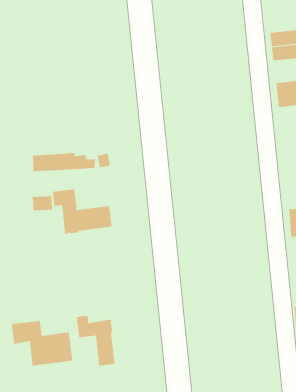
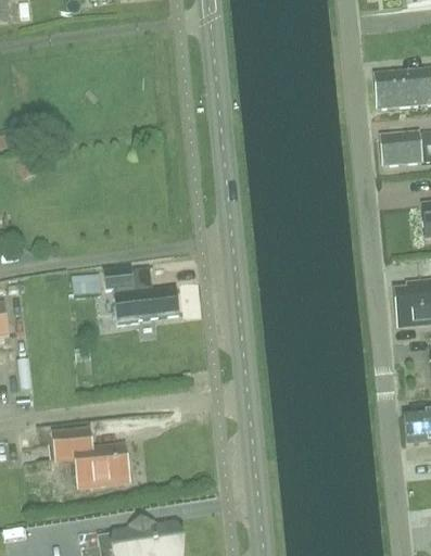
building: [33,152,95,172] -> none
building: [76,315,115,367] -> none

